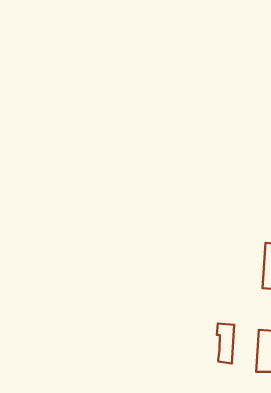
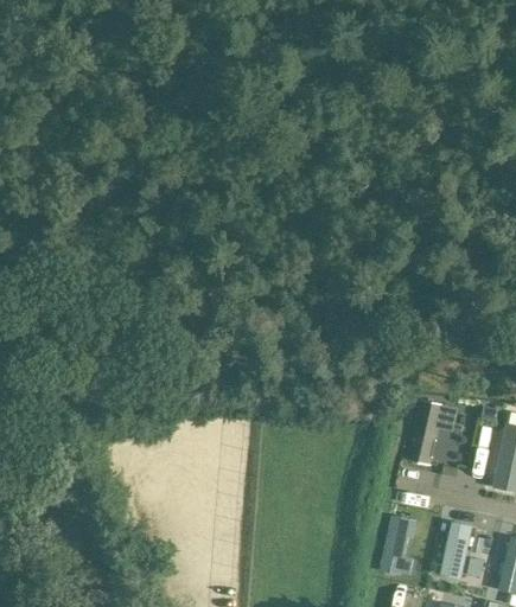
building: [217,324,234,363] -> none

